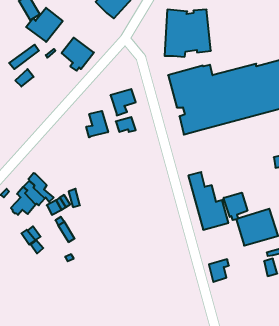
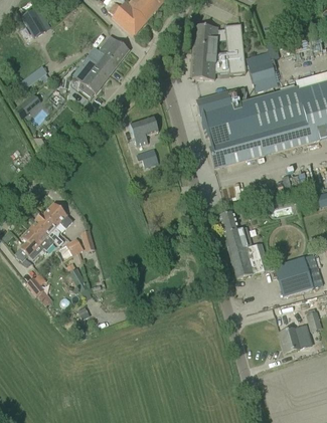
building: [26,8,63,42] -> [87,34,129,73]
building: none -> [246,51,278,91]
building: [86,111,108,137] -> none
building: none -> [42,202,72,232]
building: [224,193,247,220] -> none
building: [209,259,229,282] -> [279,326,302,352]

